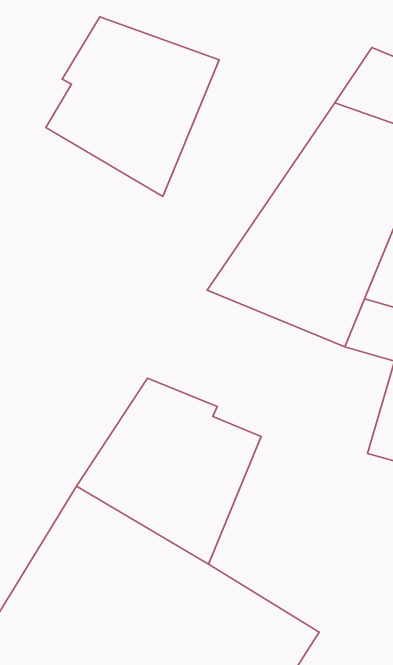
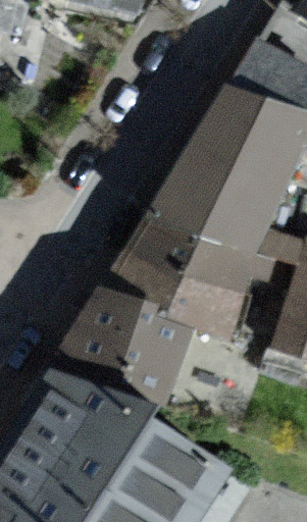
building: [46,17,219,197] -> none
building: none -> [108,224,250,341]

